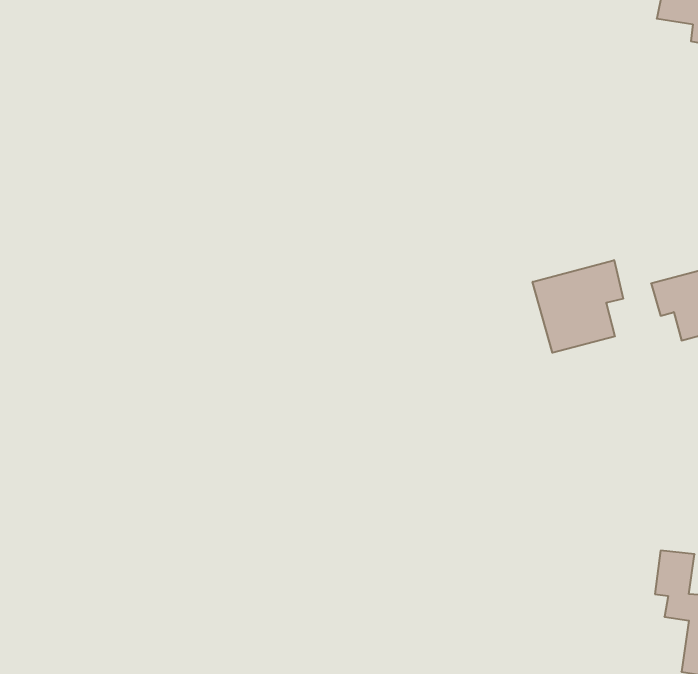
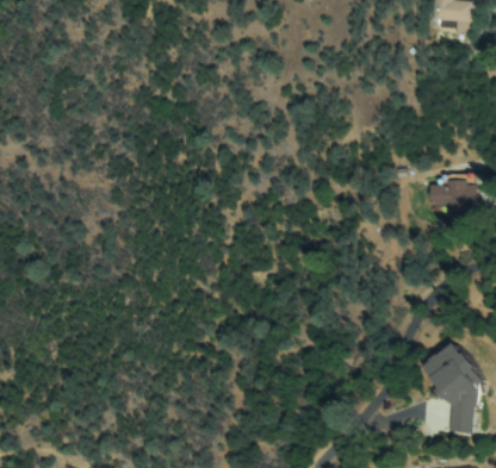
building: [533,260,623,353] -> none

